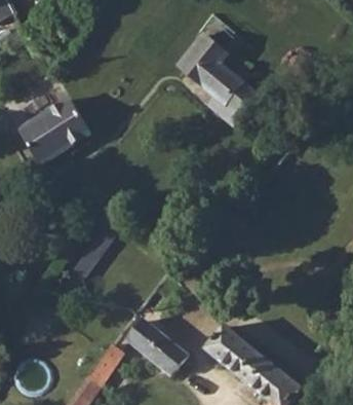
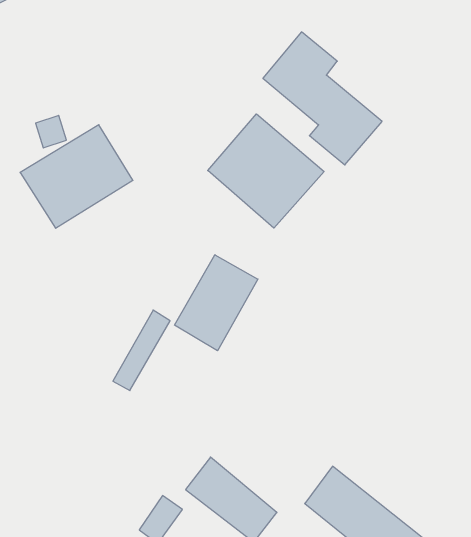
building: none -> [208,114,324,228]
building: none -> [175,255,258,351]

